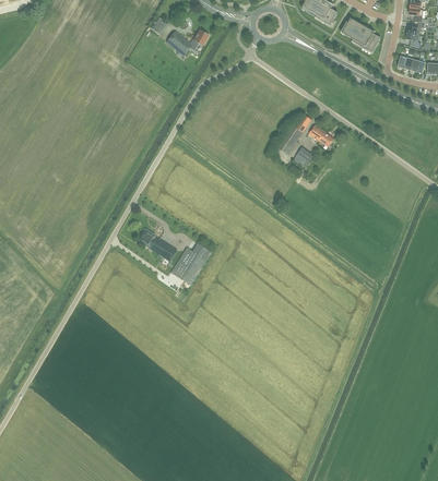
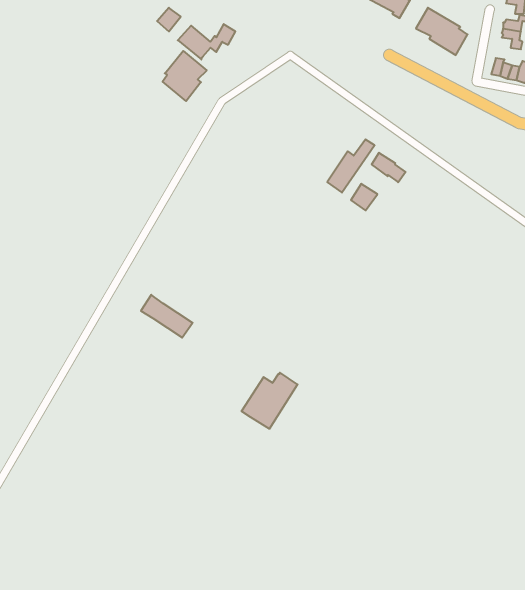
building: none -> [163,51,207,101]
building: [170,243,212,285] -> [241,373,298,429]

